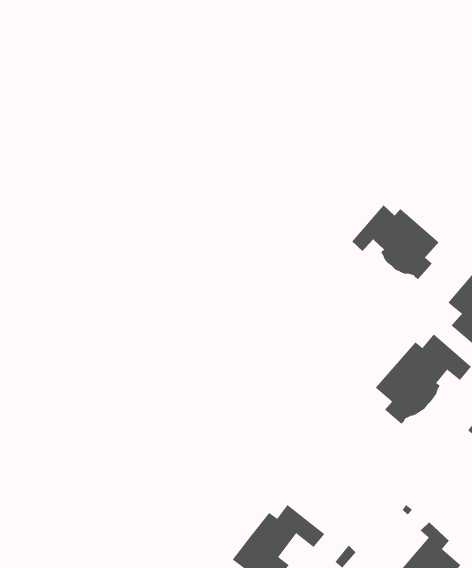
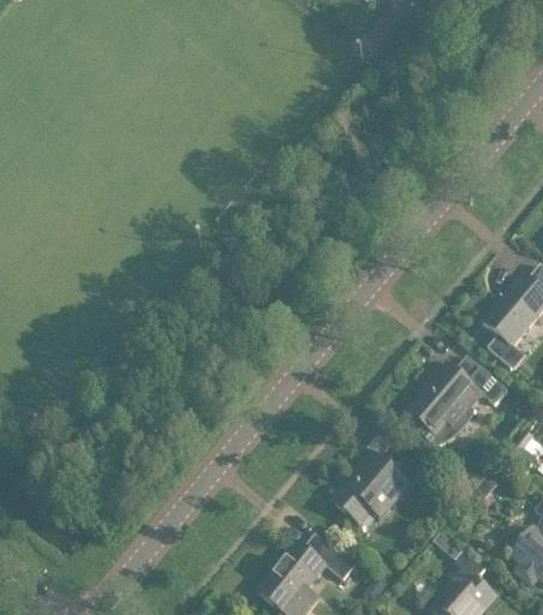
building: [351,204,439,280] -> none
building: none -> [332,444,422,525]

